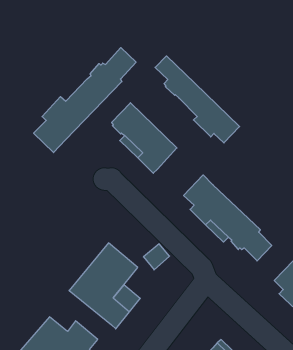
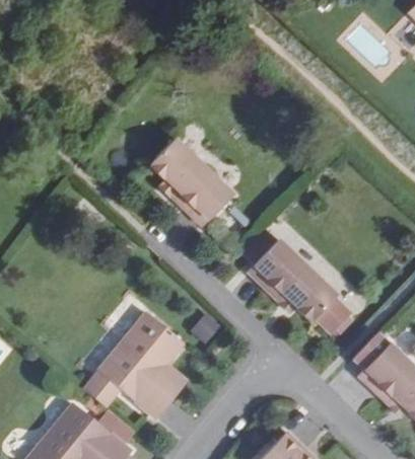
building: [34,48,136,153] -> none
building: [155,56,240,143] -> none

